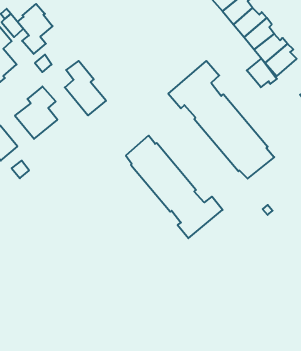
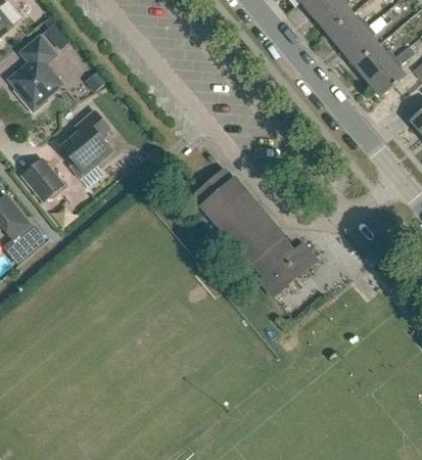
building: [17,4,53,54] -> none
building: [247,59,277,87] -> none
building: [65,61,106,115] -> none
building: [168,61,274,179] -> none

